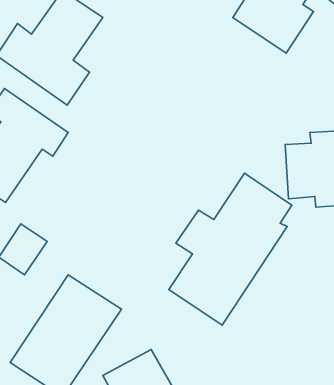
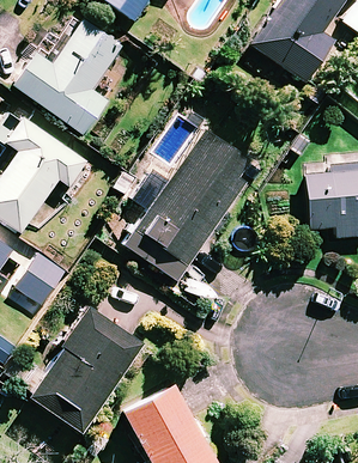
building: [169,173,292,325] -> [125,129,249,282]

